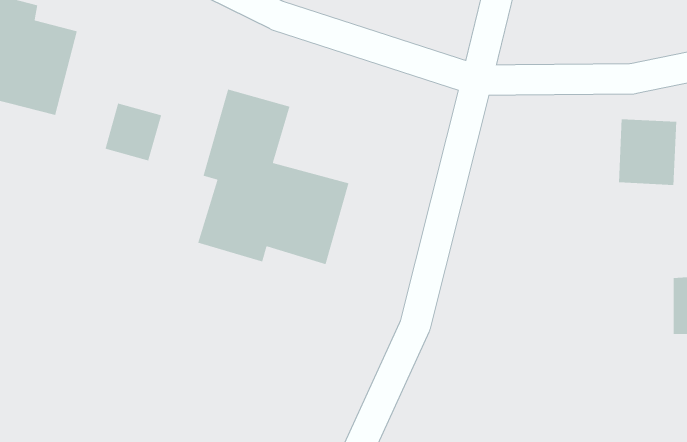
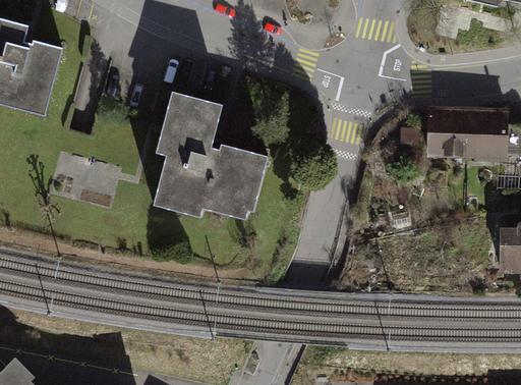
building: [104,103,162,161] -> none
building: none -> [426,108,467,158]

